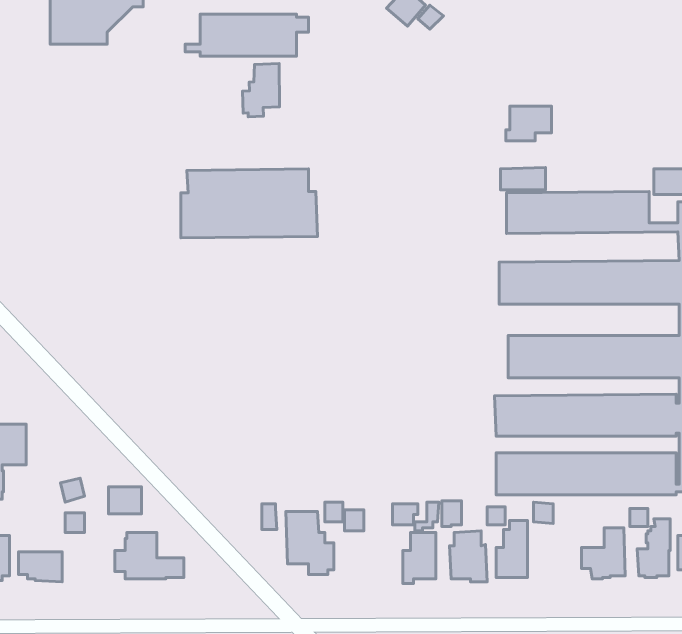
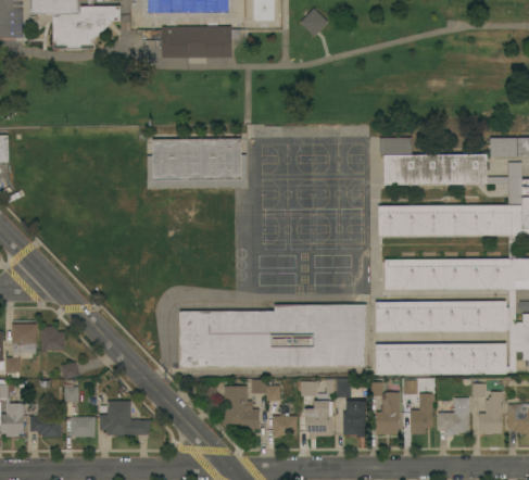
building: [242,64,280,117] -> none
building: [506,106,551,141] -> none
building: none -> [179,304,366,367]
building: none -> [41,326,65,352]
building: [108,487,141,514] -> [71,416,95,435]
building: none -> [410,393,432,433]
building: none -> [273,415,297,434]

